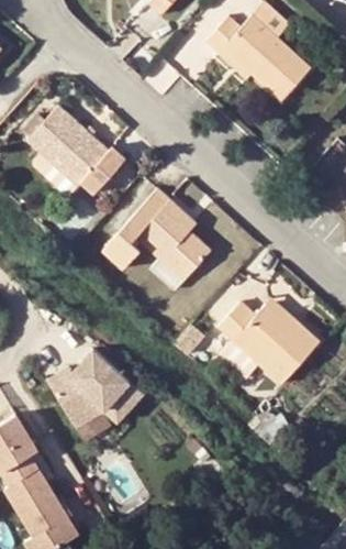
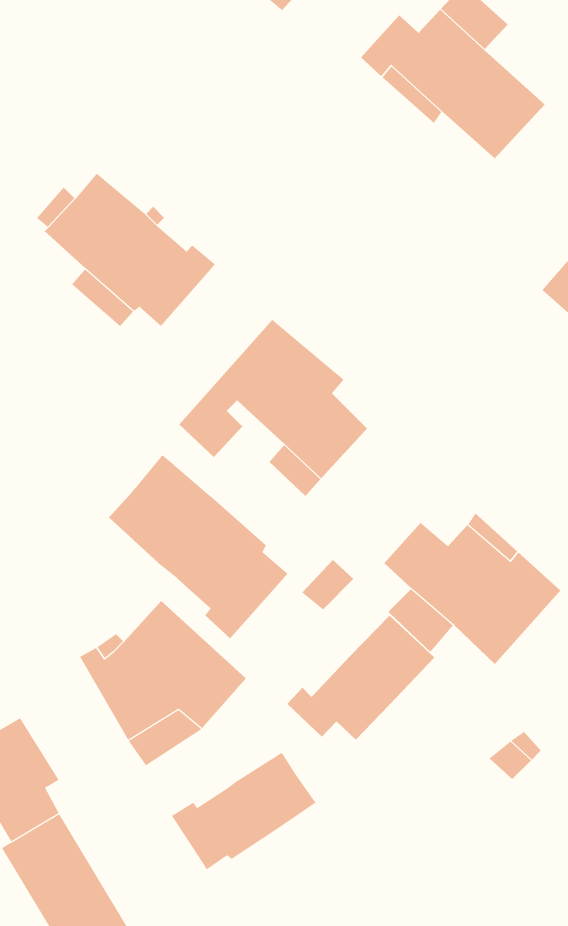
building: none -> [108,454,289,639]
building: none -> [286,615,435,741]
building: none -> [171,752,317,870]

